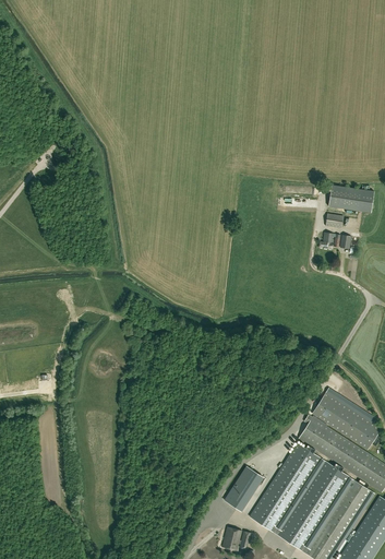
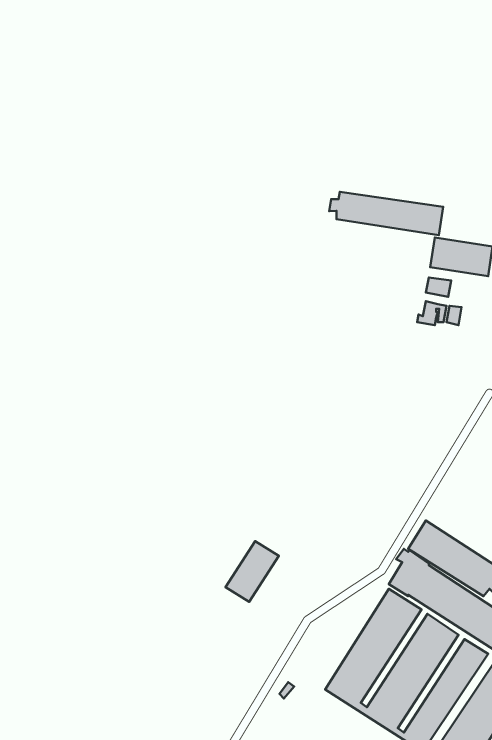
building: none -> [329,192,443,235]
building: [225,466,264,511] -> [225,541,279,602]
building: [222,526,251,550] -> none

